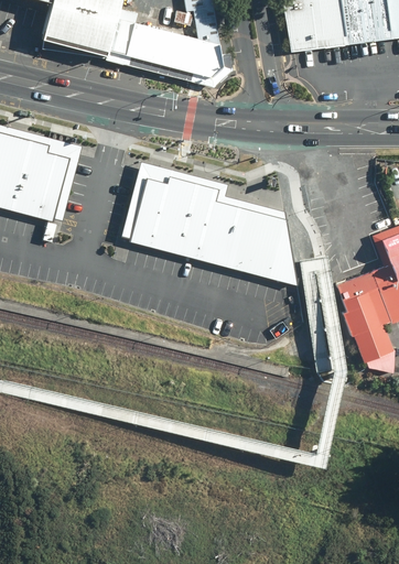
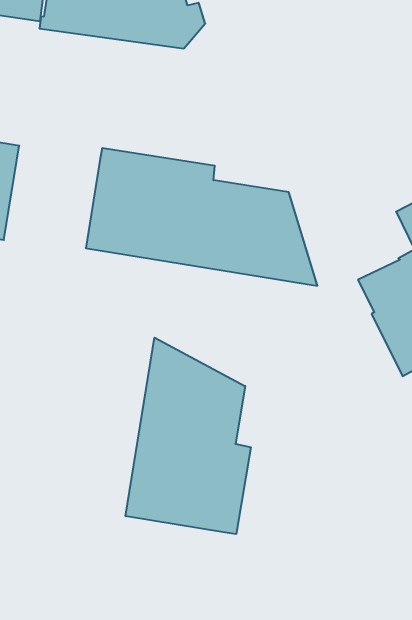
building: none -> [126,338,251,534]

